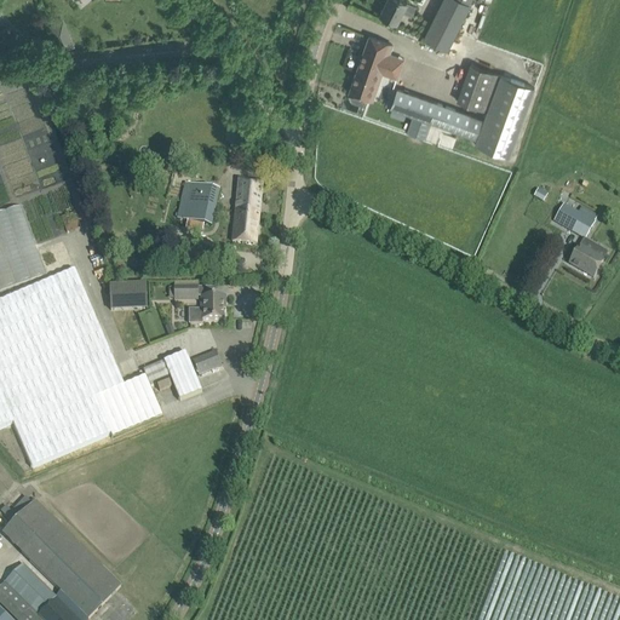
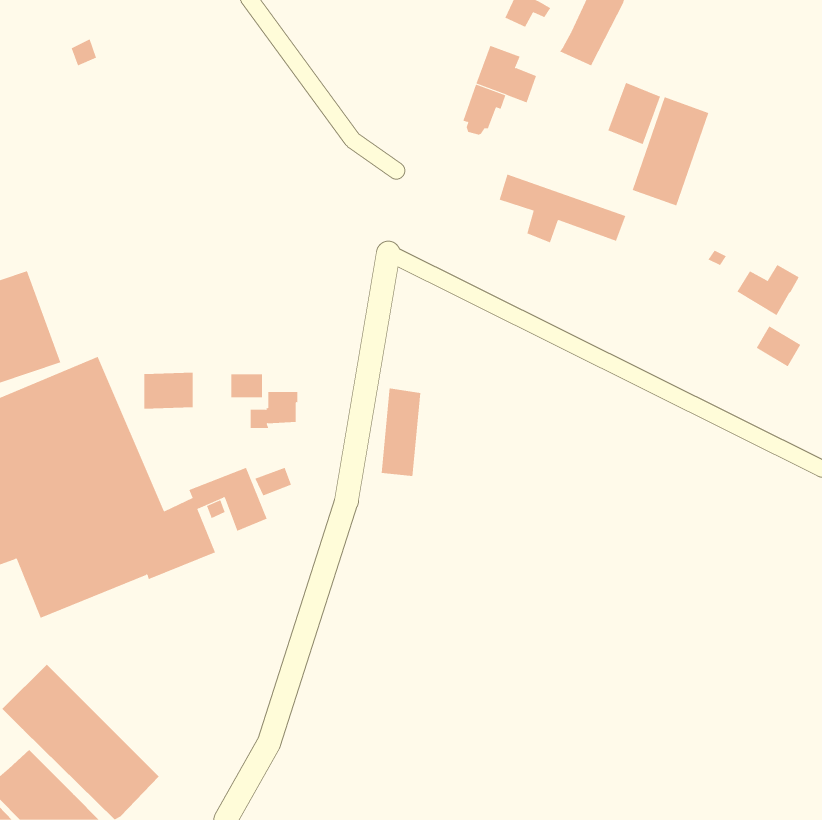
building: [385,85,481,137] -> [499,174,626,243]
building: [231,177,262,243] -> [381,388,421,477]
building: [176,182,218,224] -> none

